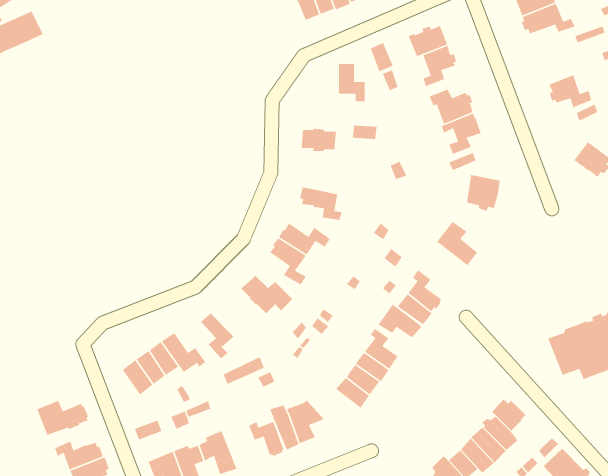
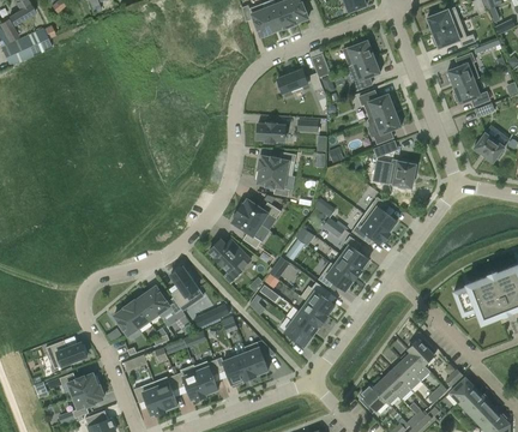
building: none -> [447,54,478,88]
building: none -> [258,151,296,176]
building: none -> [351,214,392,246]
building: none -> [194,360,219,395]

